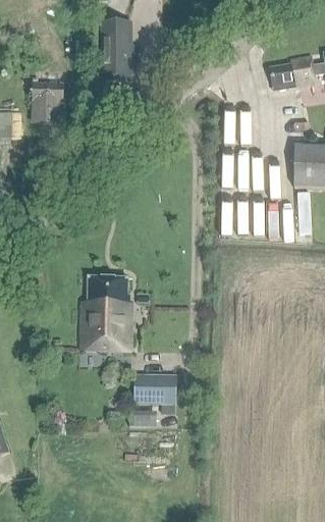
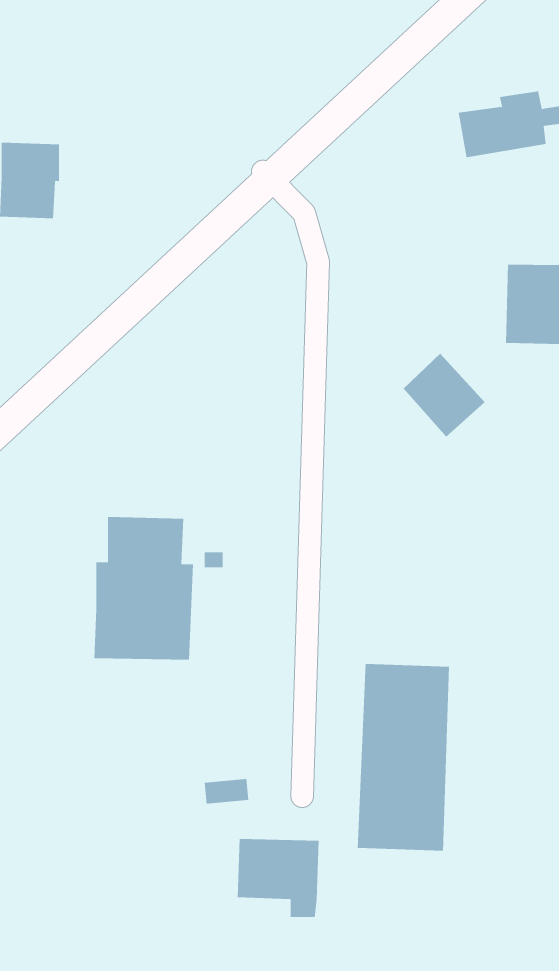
building: [100,21,136,80] -> none
building: none -> [357,663,449,851]
building: [133,373,176,414] -> [237,839,319,917]

